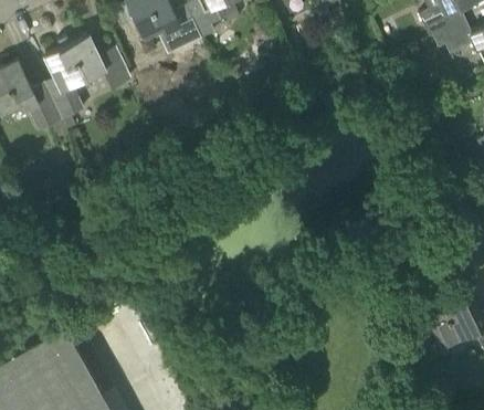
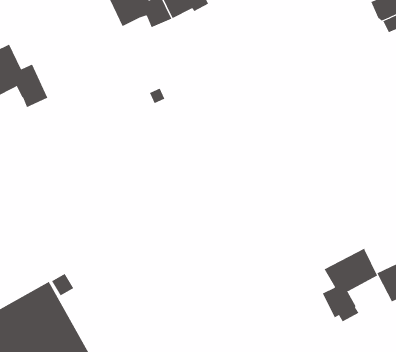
building: [44,35,129,120] -> none
building: none -> [322,248,378,322]

